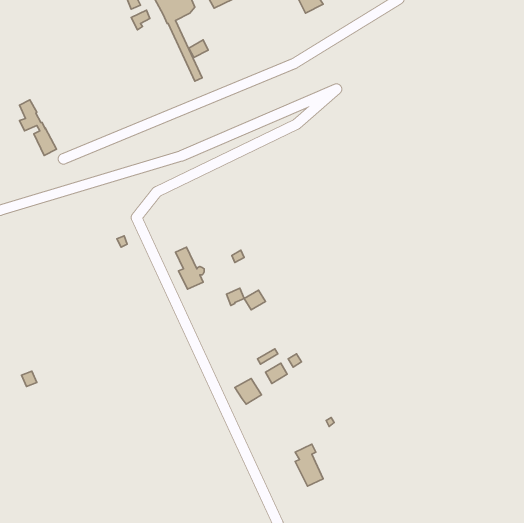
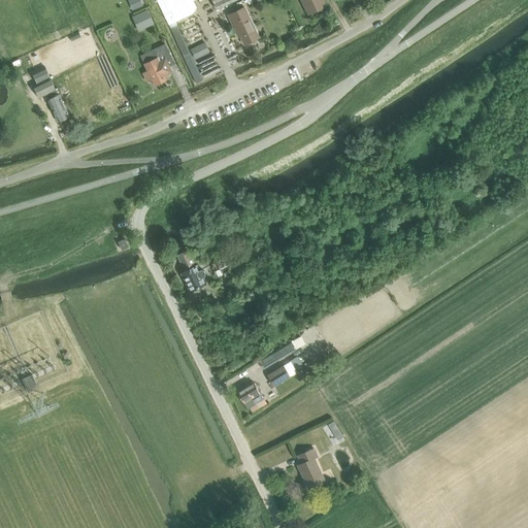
building: none -> [227,6,257,43]
building: none -> [143,57,171,85]
building: [19,100,56,155] -> [33,66,70,122]

